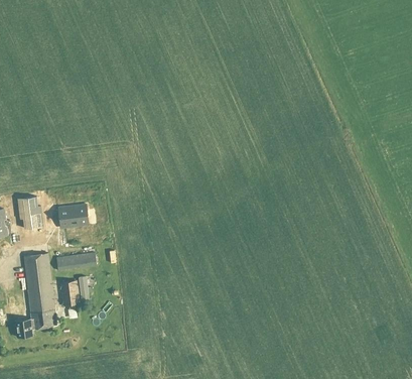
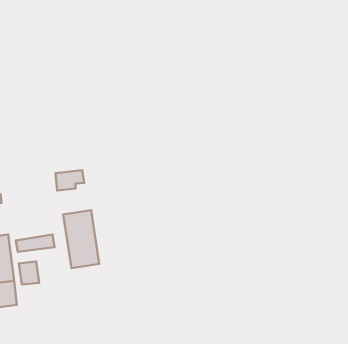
building: [58,204,89,225] -> [55,170,84,190]
building: none -> [63,210,99,268]

